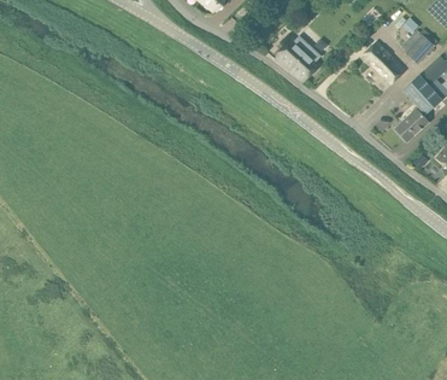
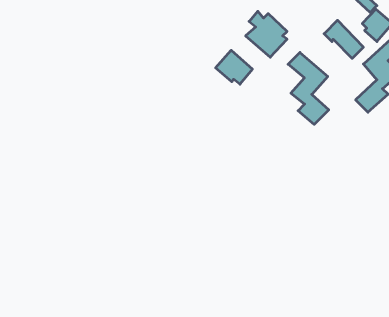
building: none -> [216,50,252,84]
building: none -> [288,52,329,124]

